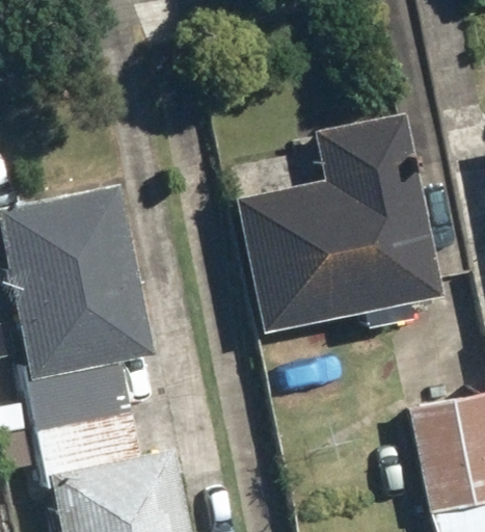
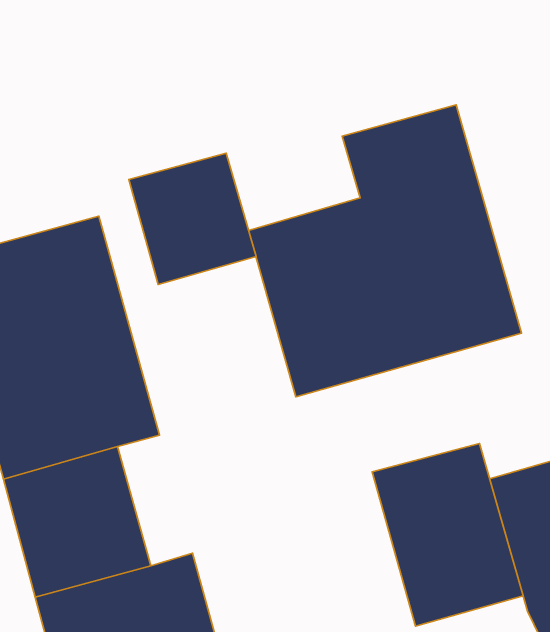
building: none -> [129,153,256,284]
building: none -> [372,443,523,626]

